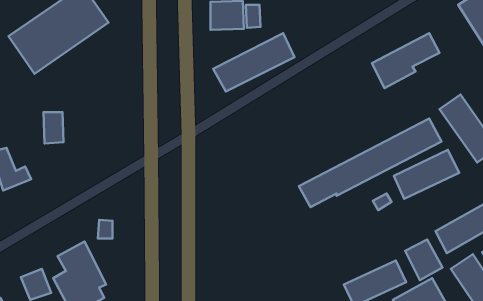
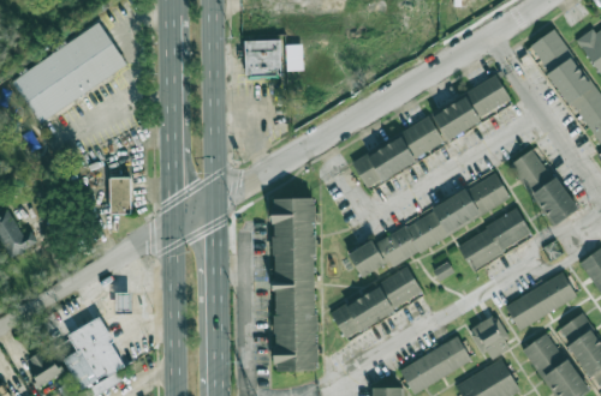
building: [213,33,295,92] -> [351,119,445,186]
building: [44,112,63,143] -> [112,178,135,214]
building: none -> [272,198,317,371]
building: none -> [329,270,423,336]

